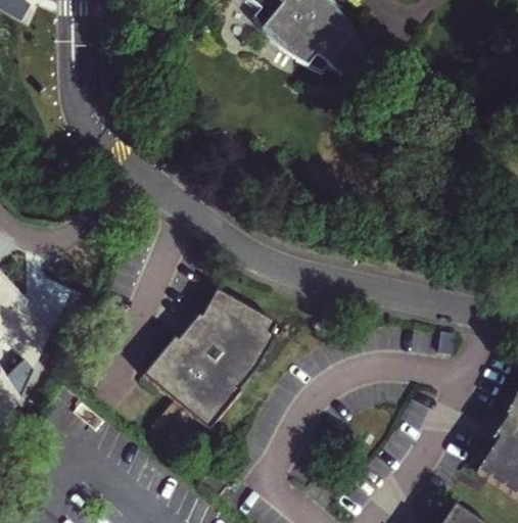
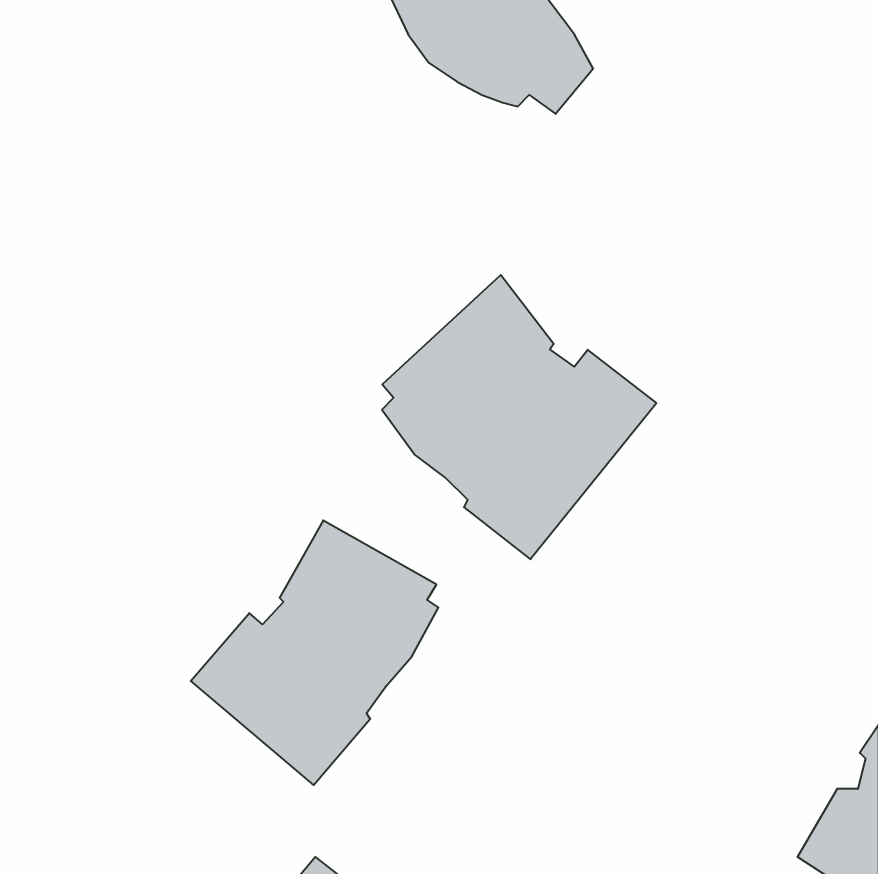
building: none -> [382,275,656,559]

